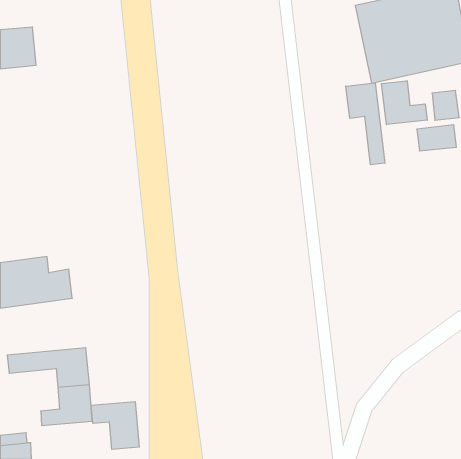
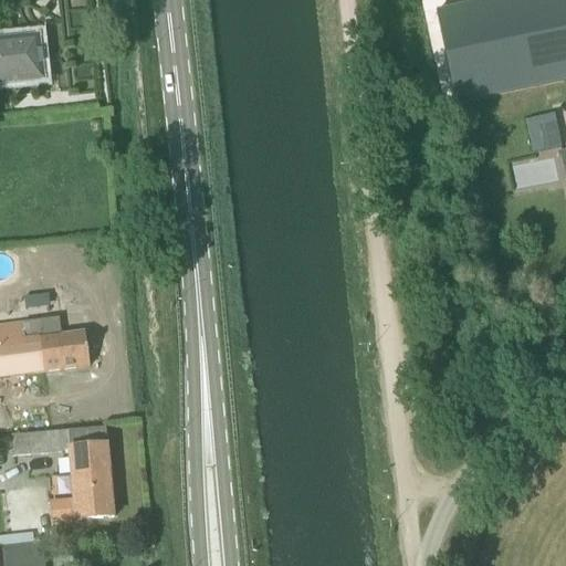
building: [382,81,427,125] -> none
building: [346,83,385,165] -> none
building: [91,402,139,449] -> none

